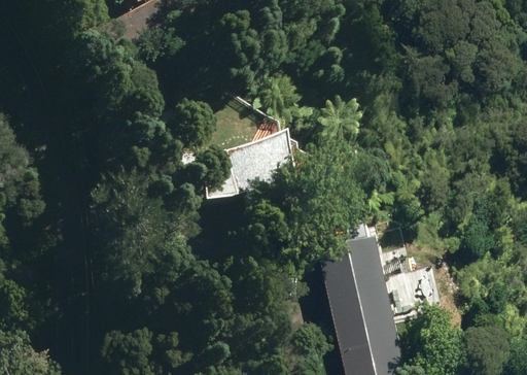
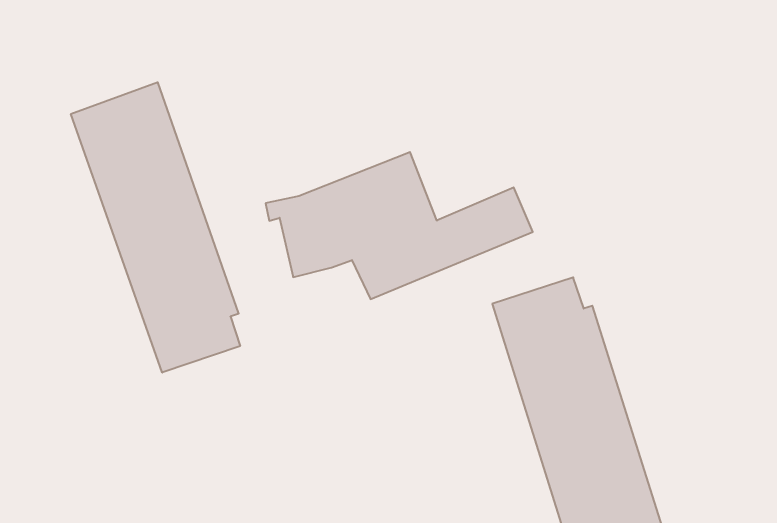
building: none -> [71,82,240,373]

